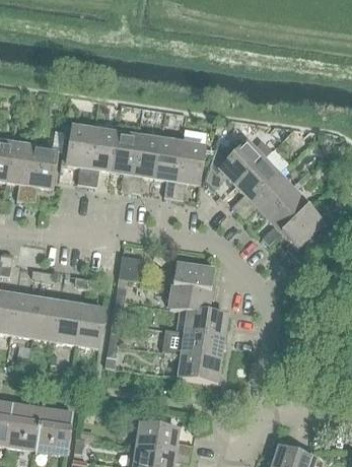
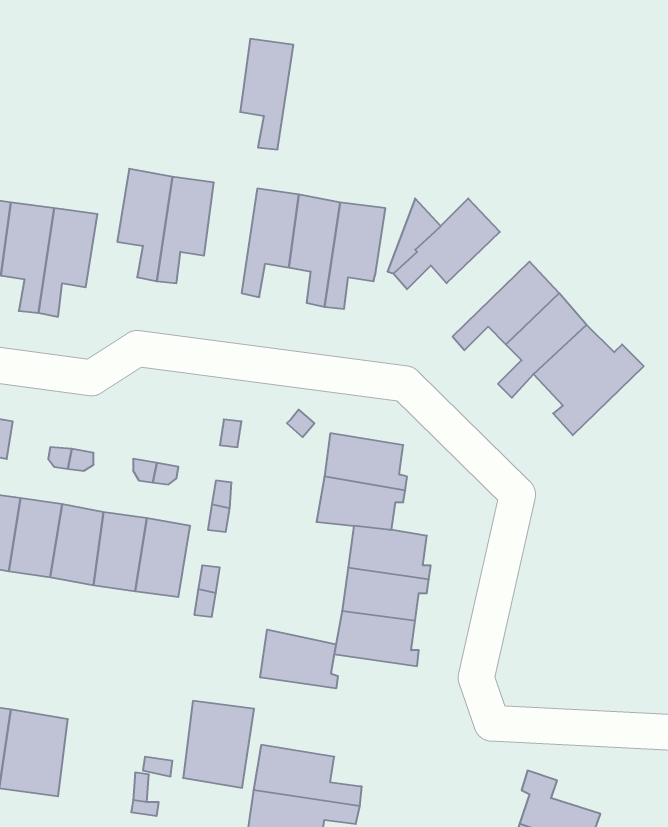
building: [111,132,138,189] -> [240,39,293,149]
building: [231,157,278,211] -> none
building: none -> [260,630,338,688]
building: [36,408,72,453] -> [183,701,254,788]

